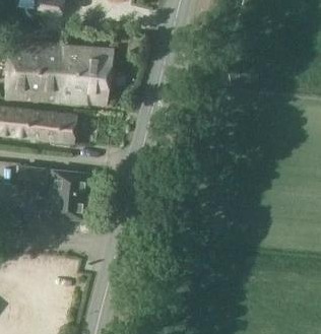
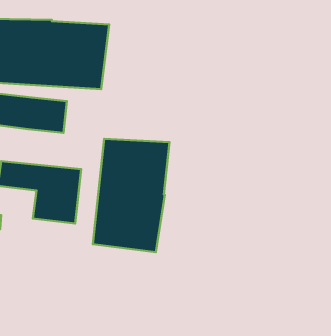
building: none -> [93,139,169,252]

